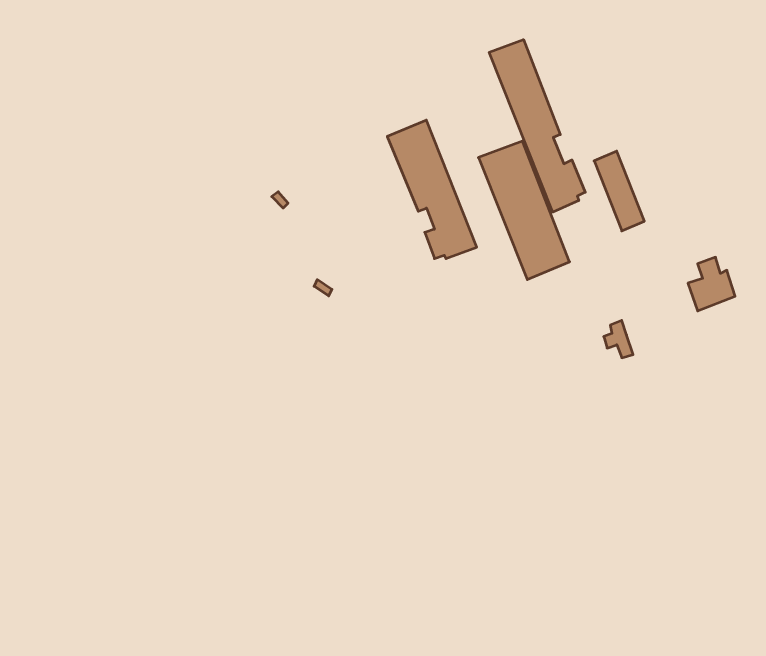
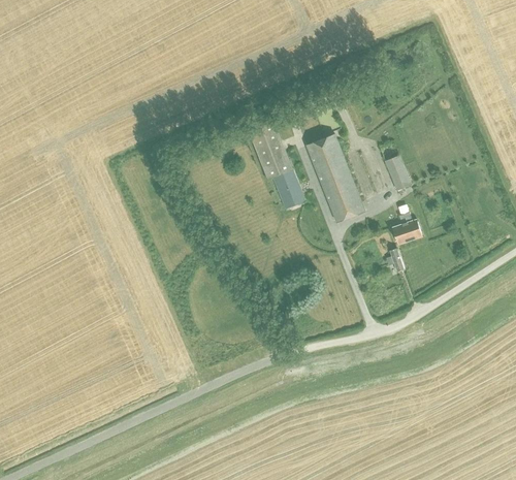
building: [489,40,585,212] -> none
building: [688,257,735,311] -> [391,211,421,245]

